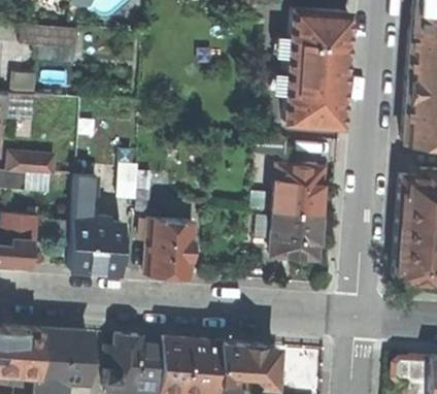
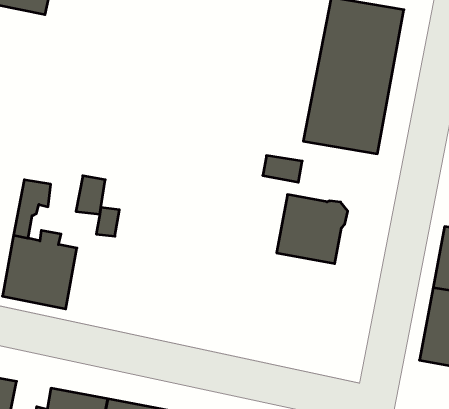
building: [273,210,323,261] -> none
building: [147,220,196,276] -> none

